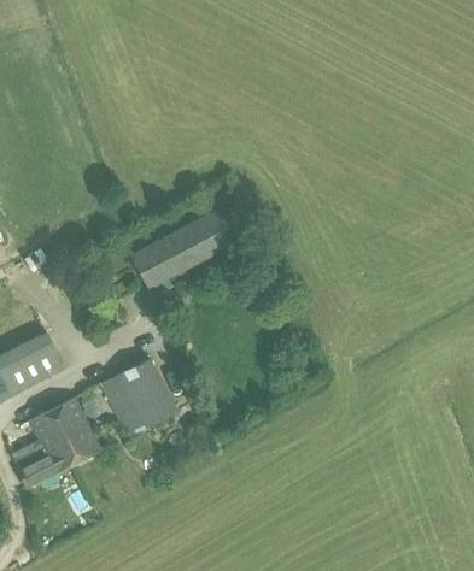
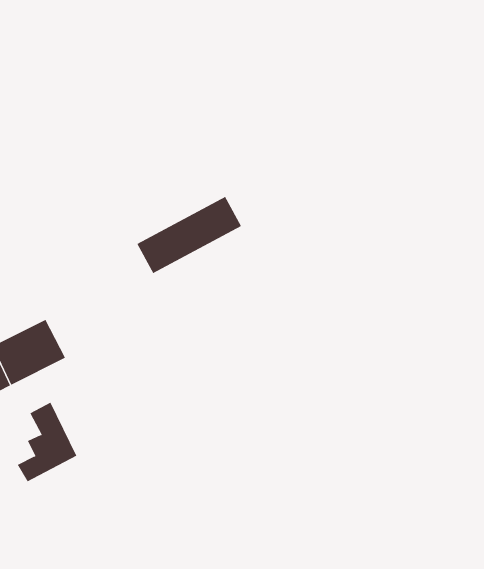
building: [100,358,179,437] -> none
building: [51,398,100,461] -> none

